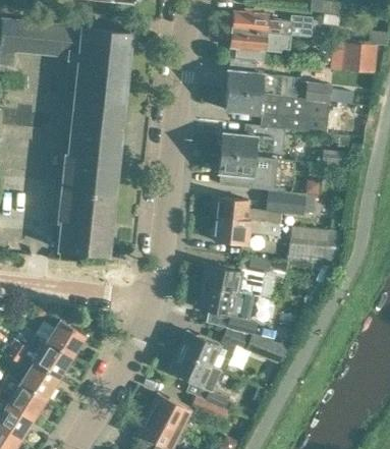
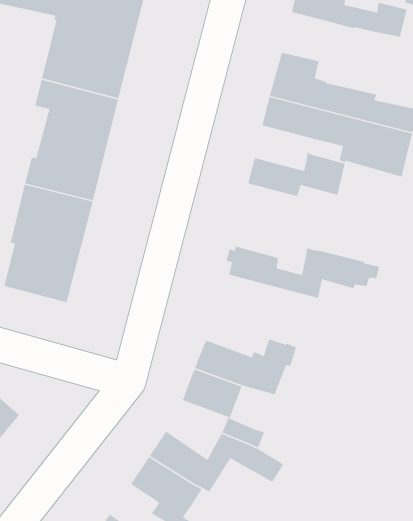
building: [231,30,291,61] -> none
building: [218,153,277,191] -> none
building: [210,218,281,243] -> none
building: [288,227,342,266] -> none

